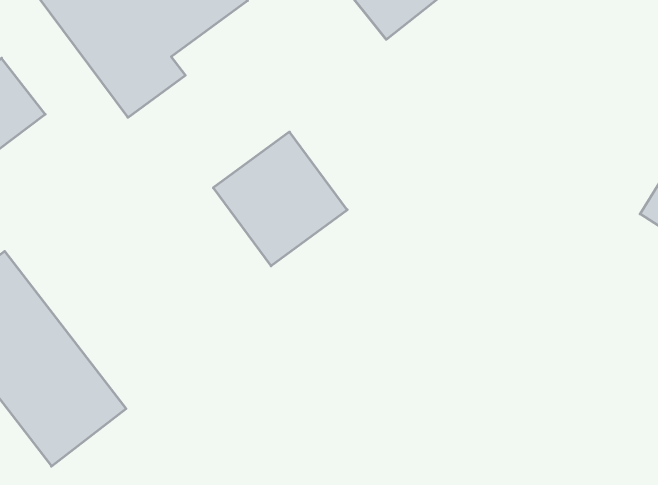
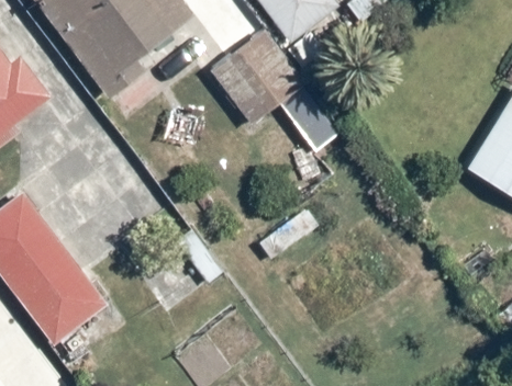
building: [213,132,347,266] -> [211,31,305,125]

